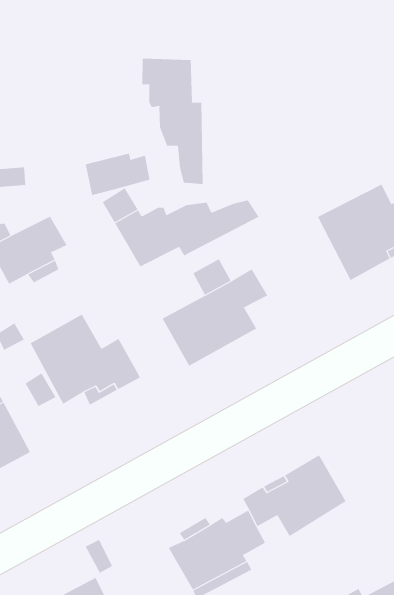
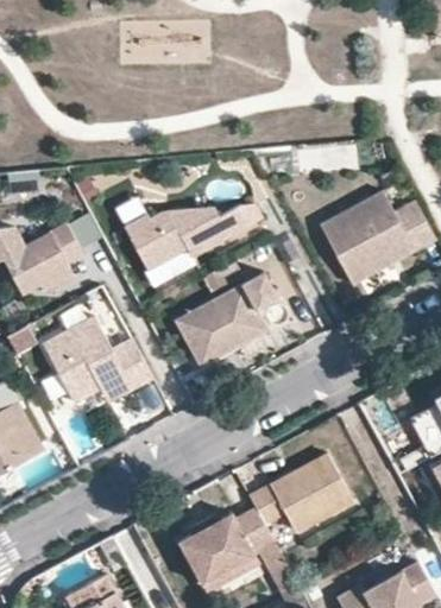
building: [142,58,203,185] -> none
building: [85,153,150,196] -> none

